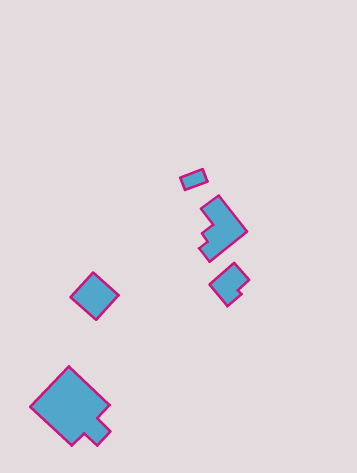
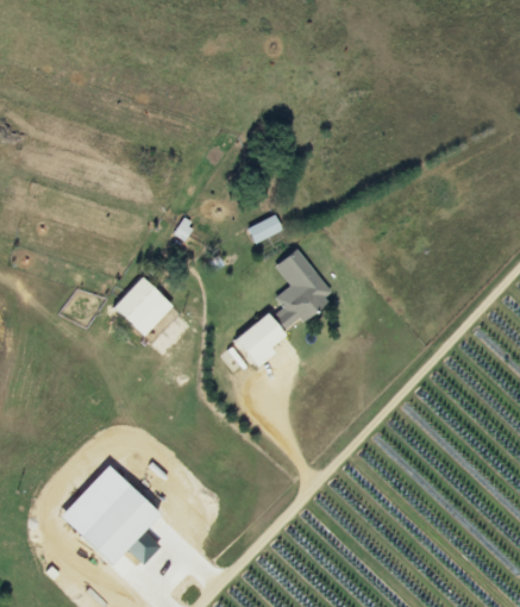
building: [210,263,249,306] -> [236,312,286,367]
building: [71,273,119,320] -> [113,276,174,336]

